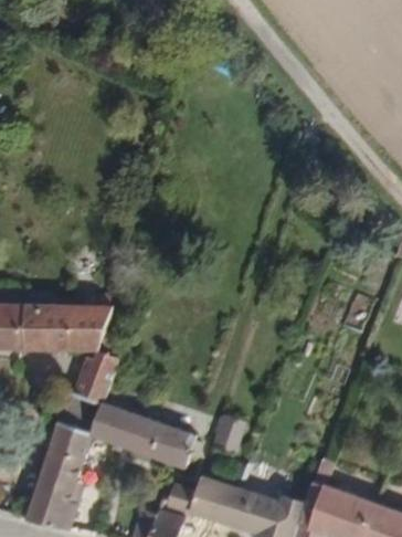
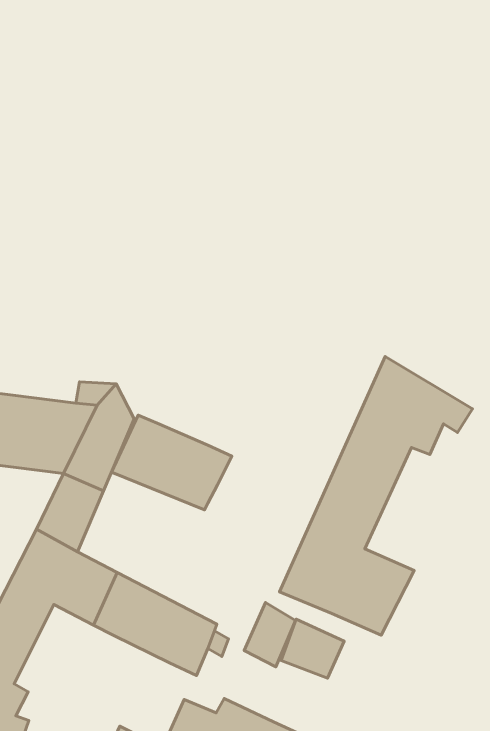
building: none -> [280,357,472,635]
building: none -> [112,415,232,510]
building: none -> [281,619,344,678]

